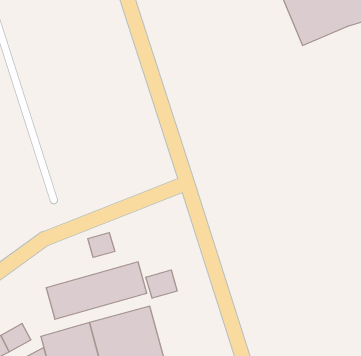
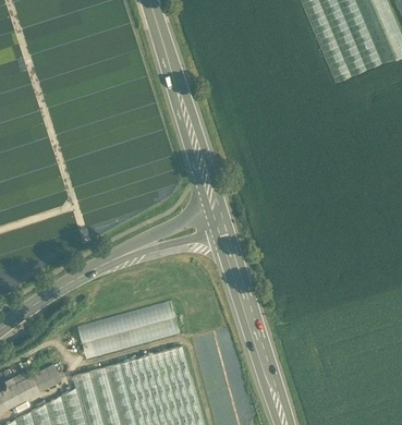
building: [88,233,115,257] -> none
building: [146,270,177,298] -> none

